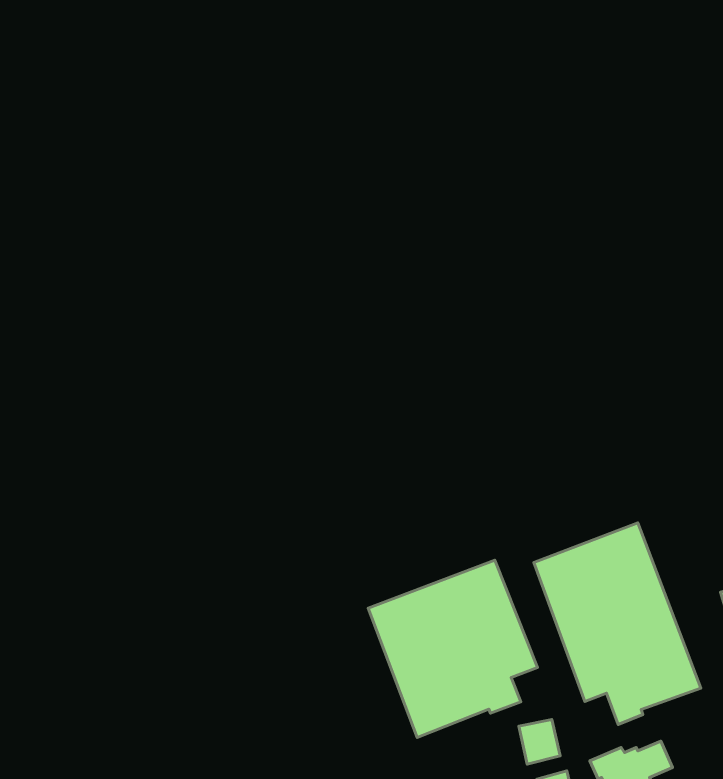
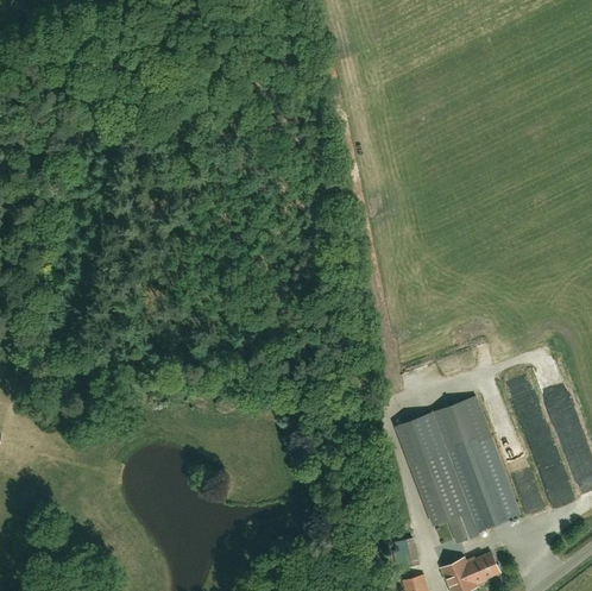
building: [368,560,537,737] -> none

